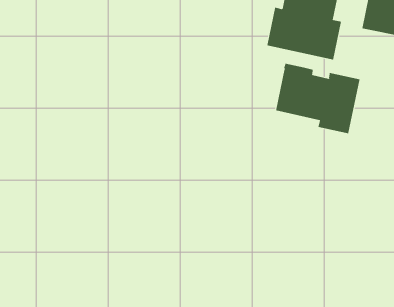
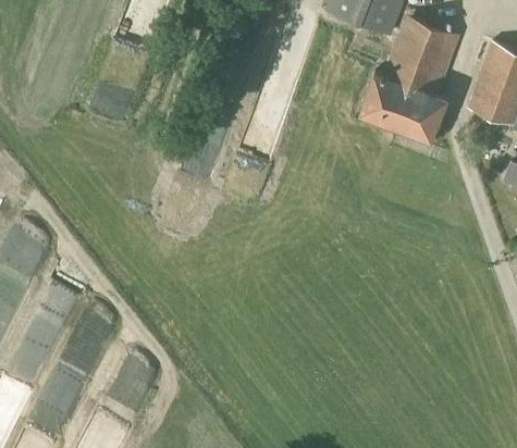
building: [275,63,360,134] -> none

